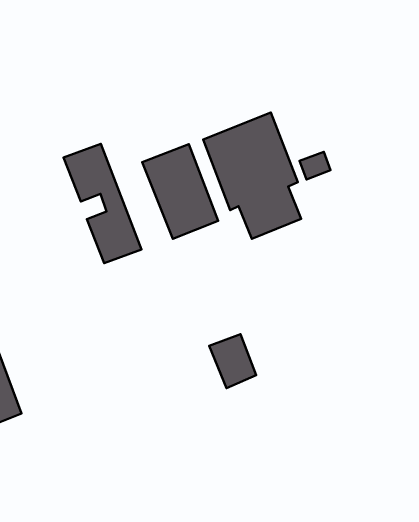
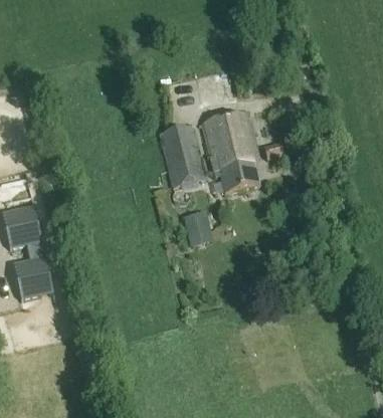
building: [64,144,142,263] -> none
building: [209,334,256,388] -> [183,210,212,245]

